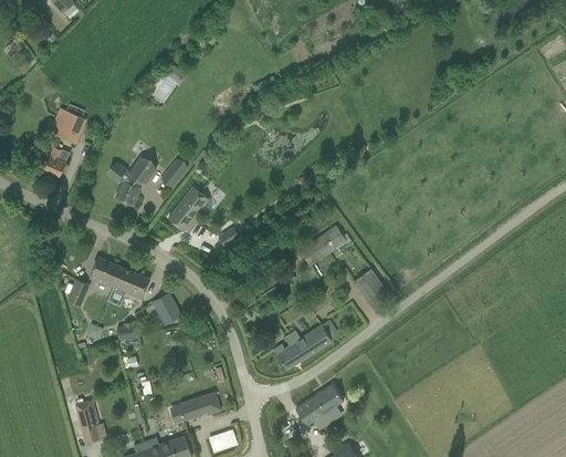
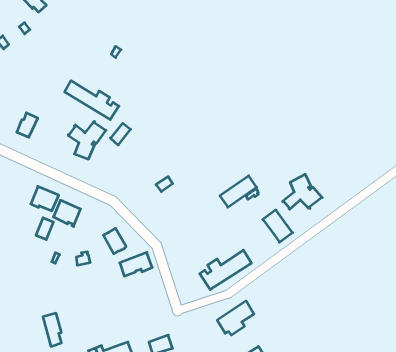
building: [46,103,86,144] -> none
building: none -> [65,81,119,120]
building: [168,186,209,230] -> none
building: none -> [283,174,322,209]
building: [115,268,150,299] -> [31,186,59,211]
building: [178,392,219,422] -> [120,252,152,276]

